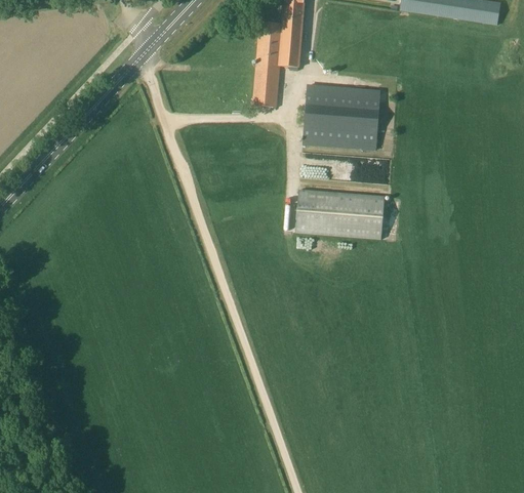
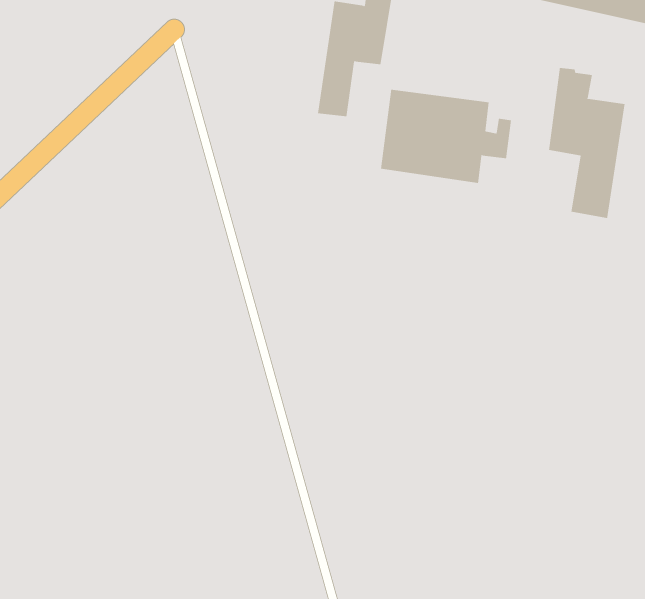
building: none -> [548,67,625,219]
building: [295,189,385,238] -> none

